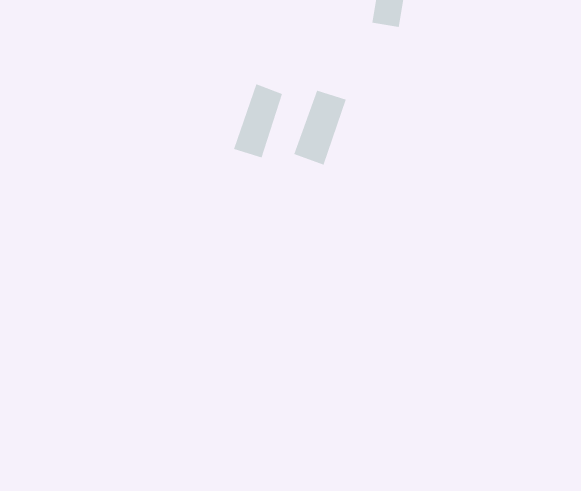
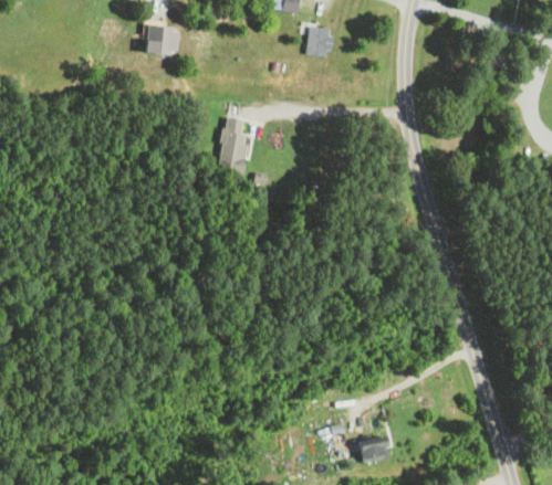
building: [294,90,347,166] -> none

